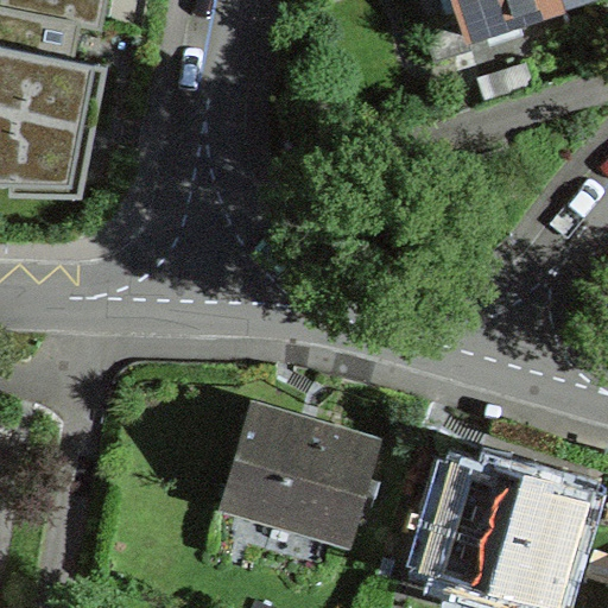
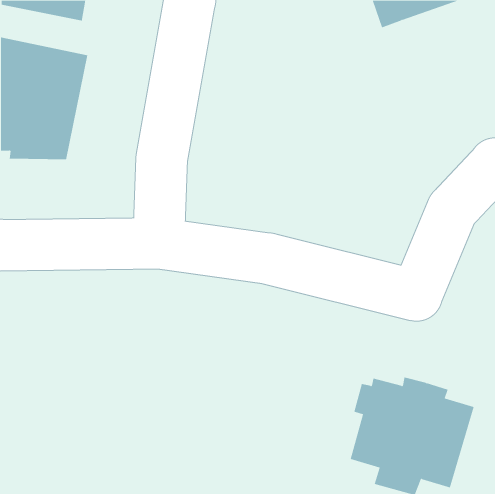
building: [223,404,378,540] -> none

